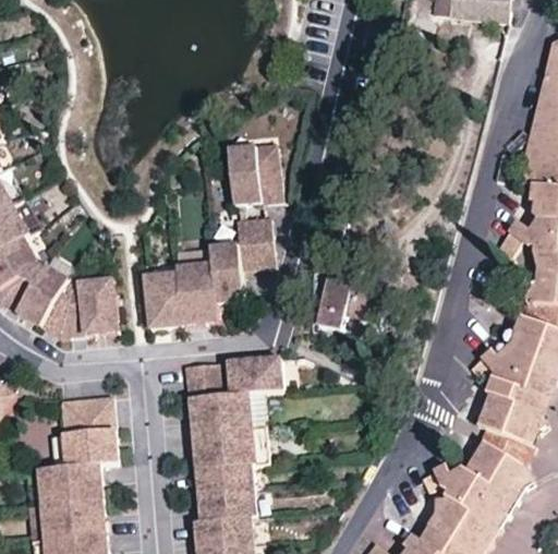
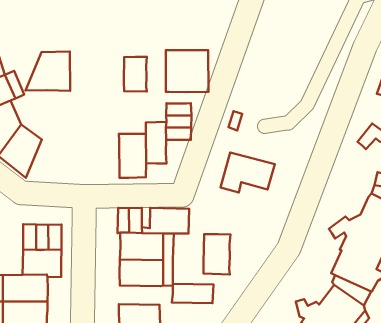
building: none -> [124,57,147,91]
building: [145,275,183,327] -> none
building: [58,279,118,337] -> [26,52,70,91]
building: none -> [203,234,231,274]
building: [197,465,253,494] -> [172,284,214,303]

